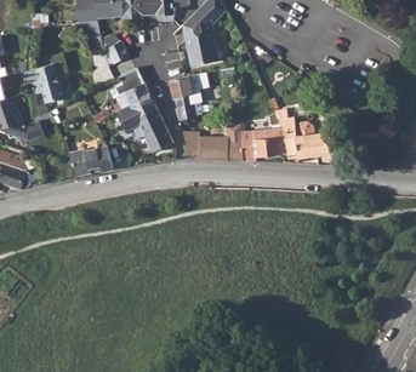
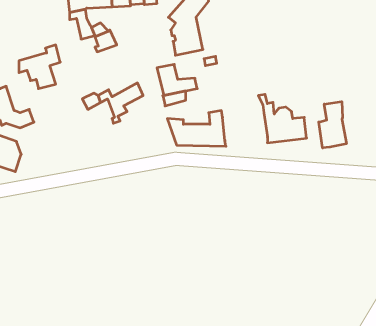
building: [116,65,150,109] -> none
building: [136,108,172,151] -> none
building: none -> [319,102,346,148]
building: [240,126,287,155] -> none
building: [69,145,113,174] -> none

